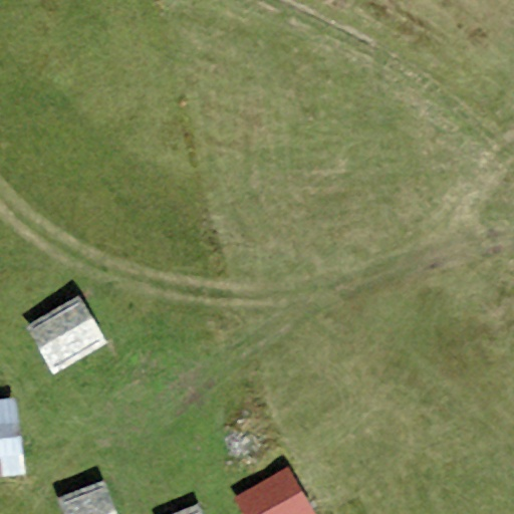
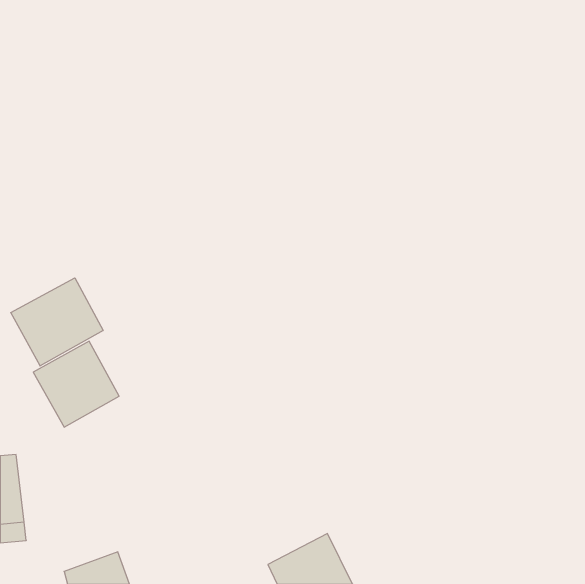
building: none -> [11,278,103,366]

